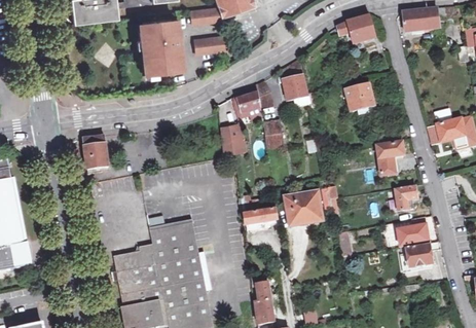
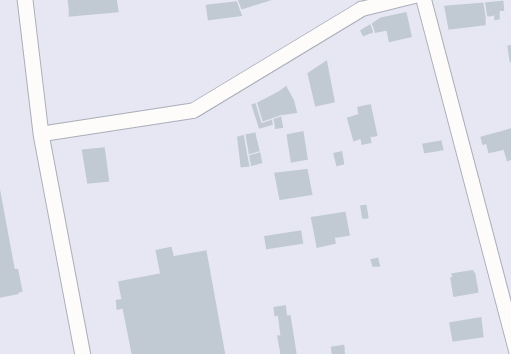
building: [142,19,184,71] -> none
building: [195,35,227,54] -> none
building: [343,78,372,115] -> [346,103,378,146]
building: [376,142,404,174] -> none
building: none -> [274,168,313,201]
building: [394,184,416,211] -> none
building: [396,223,428,246] -> [448,316,484,342]

